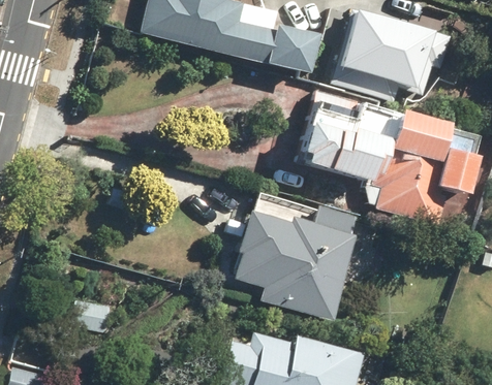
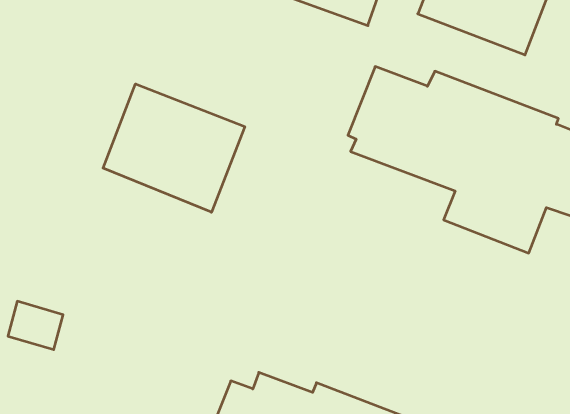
building: none -> [103,84,245,212]
building: [234,205,359,322] -> none

